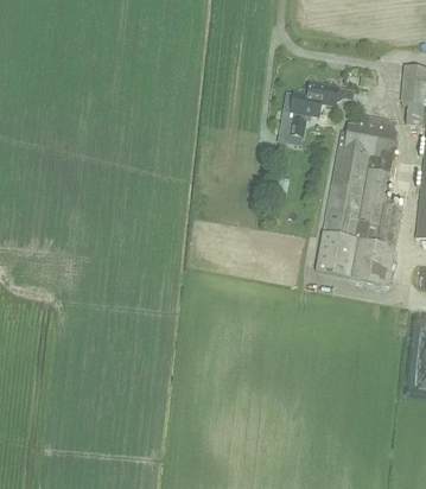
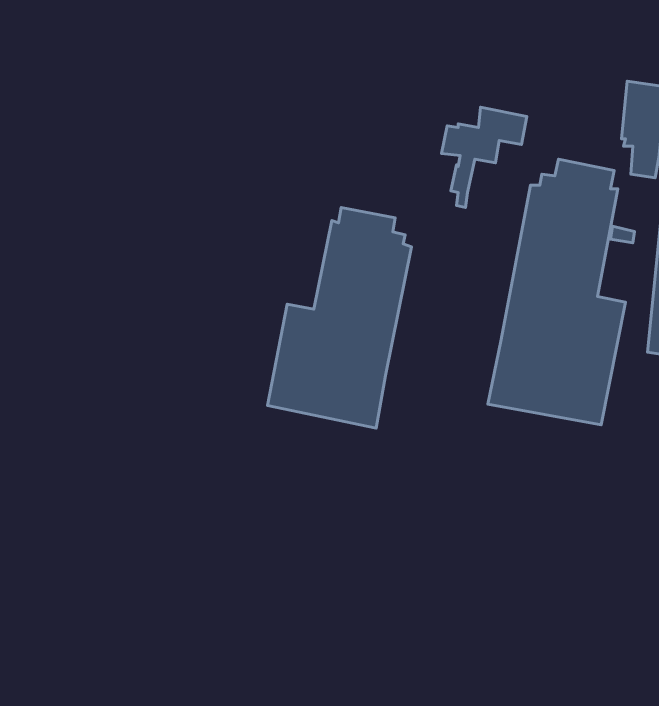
building: none -> [267,208,411,428]

